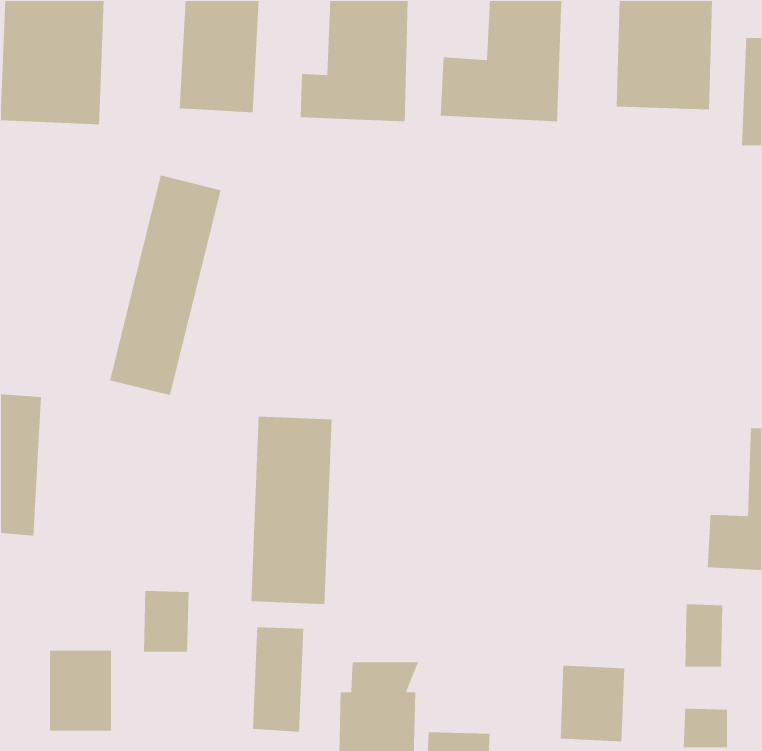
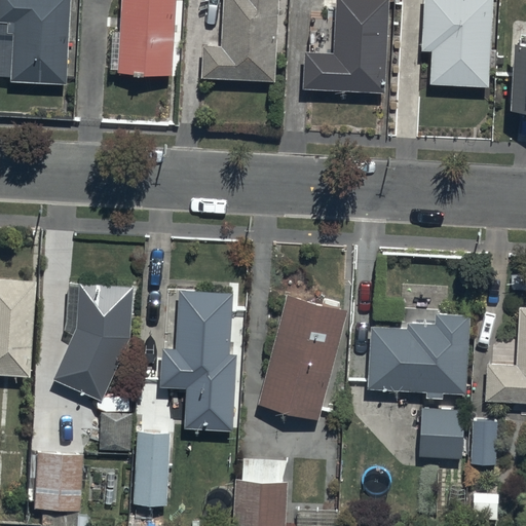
building: [109,175,222,396] -> none
building: none -> [53,280,129,397]
building: none -> [259,293,345,414]
building: none -> [369,309,467,390]
building: [252,627,304,732] -> [133,435,168,508]
building: [560,665,625,742] -> [419,408,464,461]

